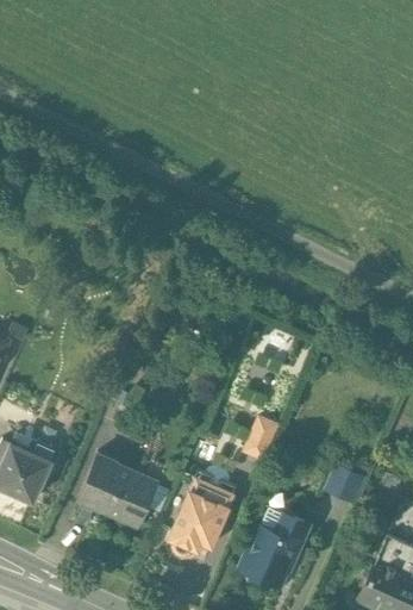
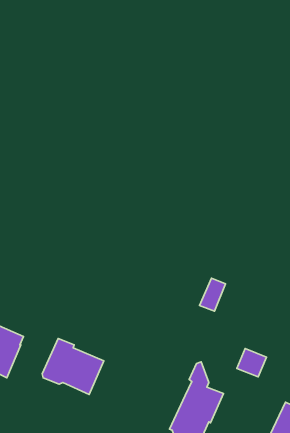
building: [244,418,277,460] -> [199,278,226,311]
building: [169,471,237,556] -> none

